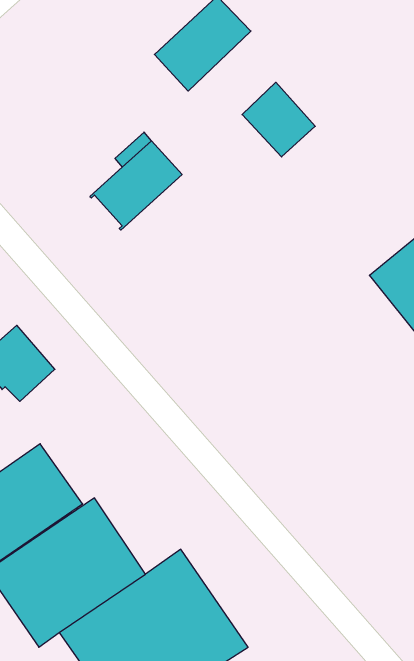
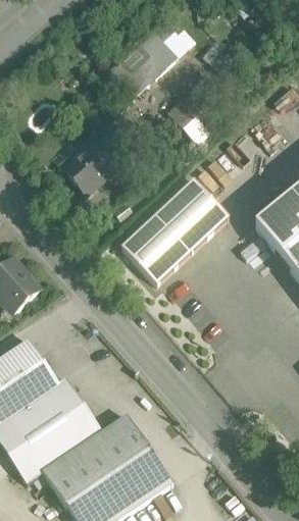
building: none -> [120,177,229,282]

